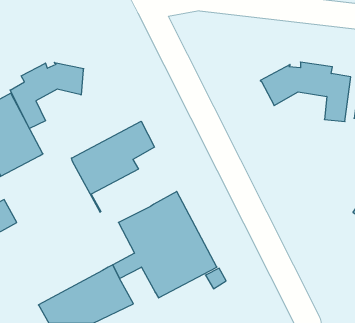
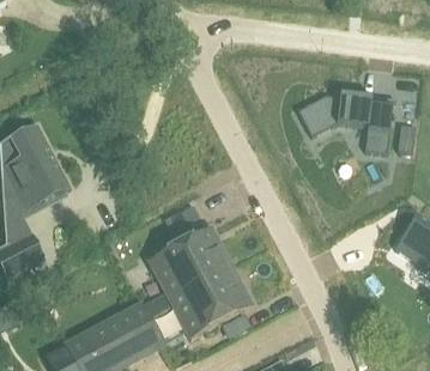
building: [10,62,84,128] -> none
building: [71,121,154,212] -> none

